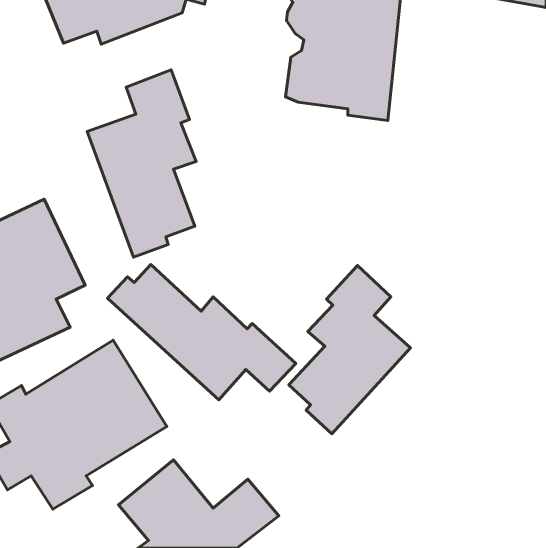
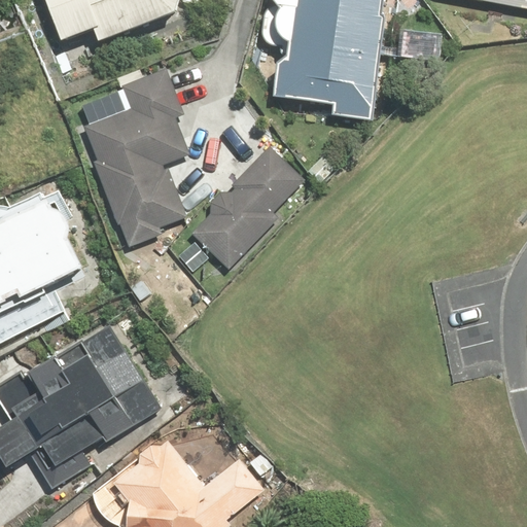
building: none -> [188,146,306,268]
building: [108,265,296,400] -> none
building: [289,266,411,434] -> none

